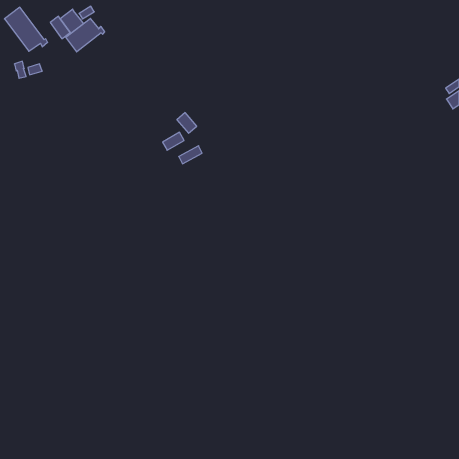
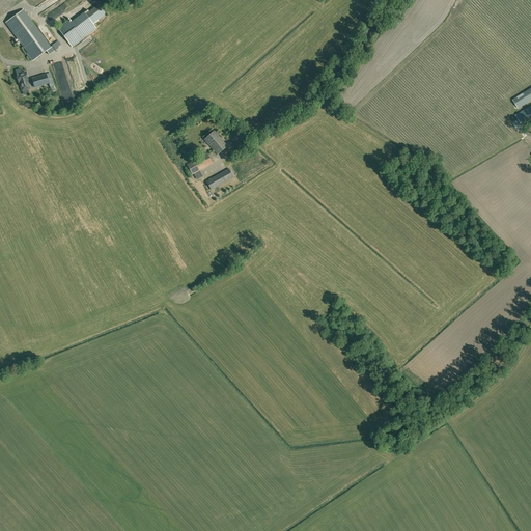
building: [66,18,105,52] -> none

